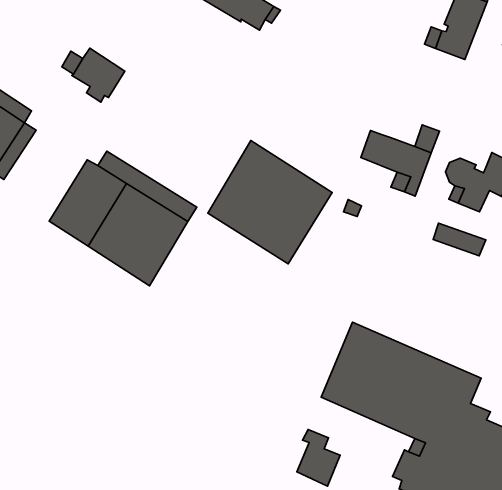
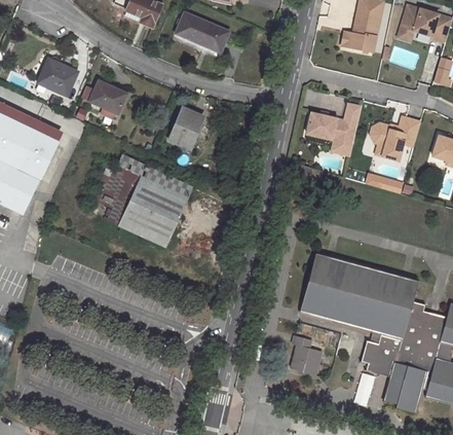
building: none -> [37,59,76,96]
building: none -> [167,107,203,149]
building: [208,140,332,264] -> none

